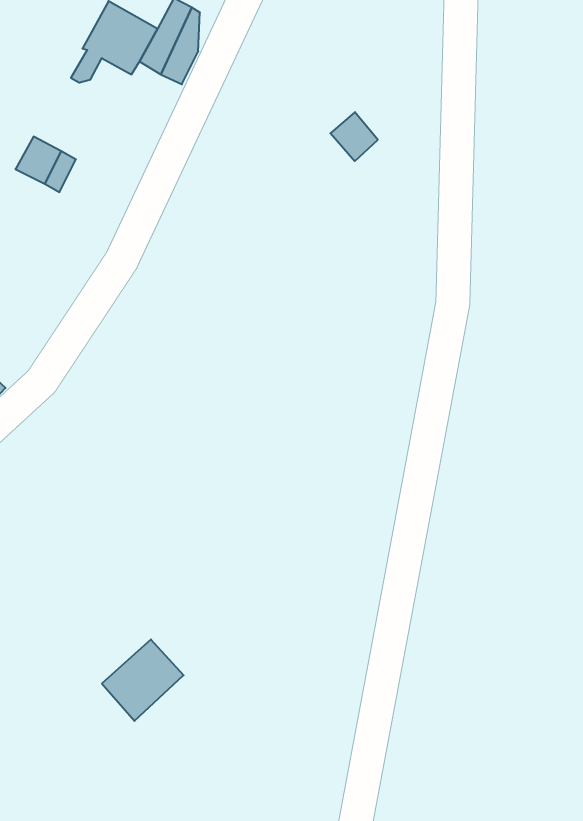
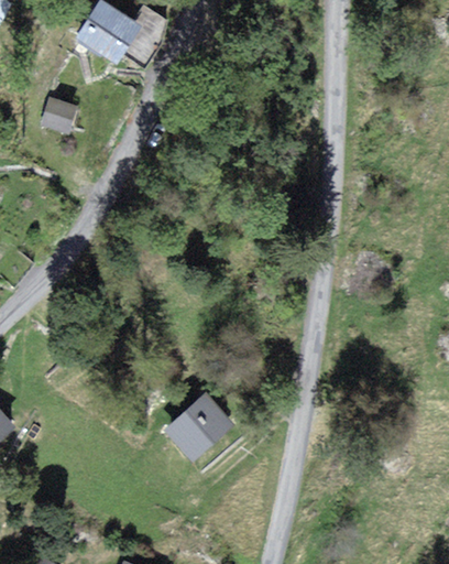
building: [102,639,184,721] -> [174,400,229,455]

